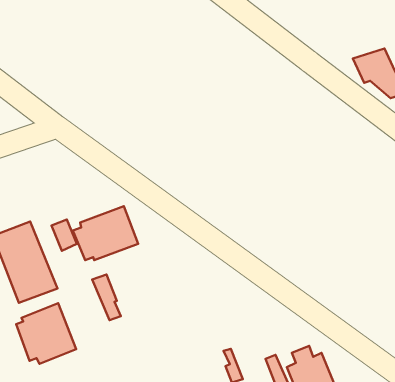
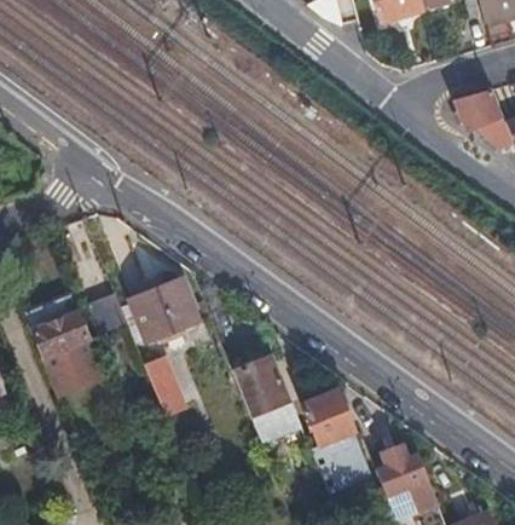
building: none -> [232,354,302,440]
building: none -> [302,390,354,445]
building: [16,303,76,364] -> none

